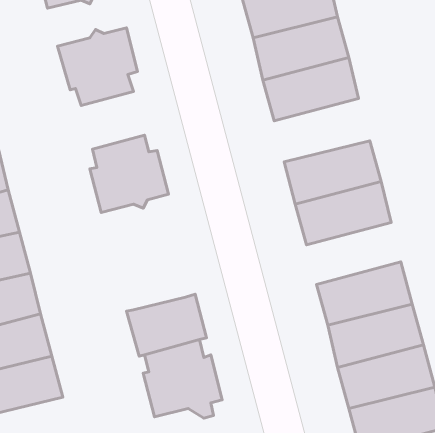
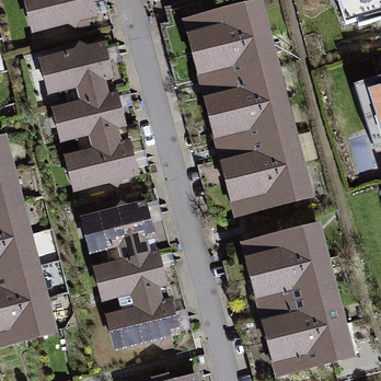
building: none -> [62,91,124,138]
building: none -> [218,97,292,147]
building: none -> [91,201,153,262]

